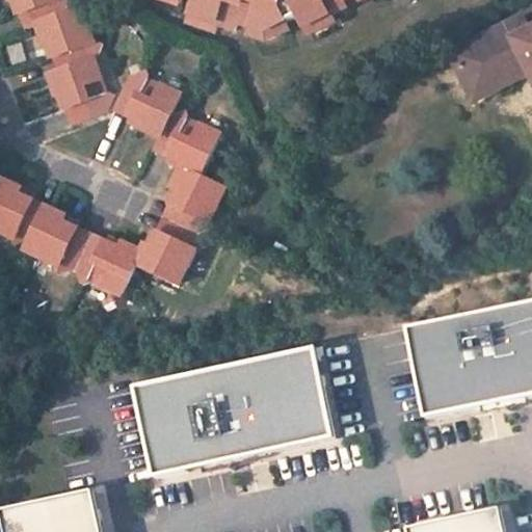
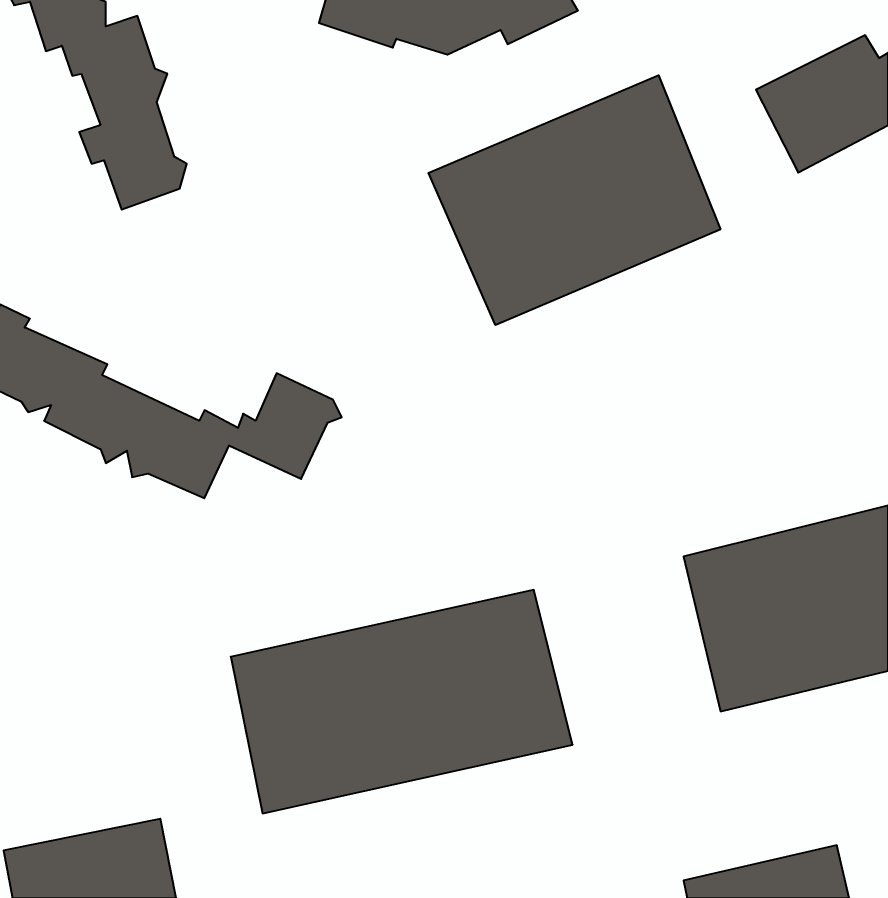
building: none -> [428,75,720,325]
building: [116,73,223,236] -> none

